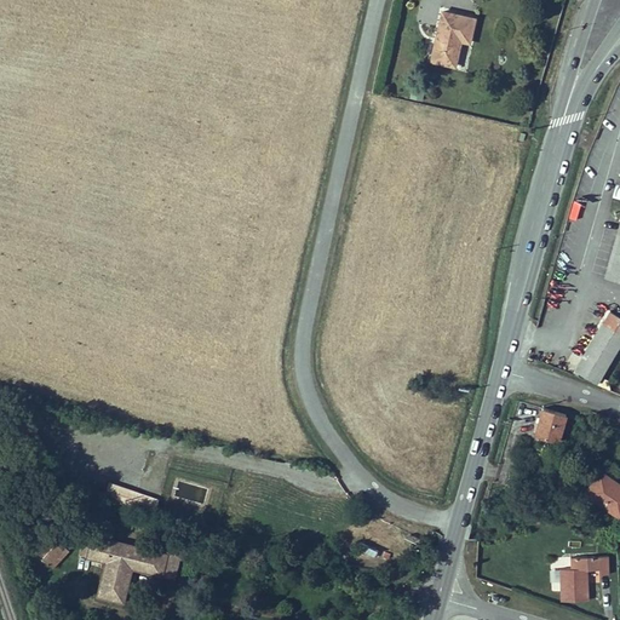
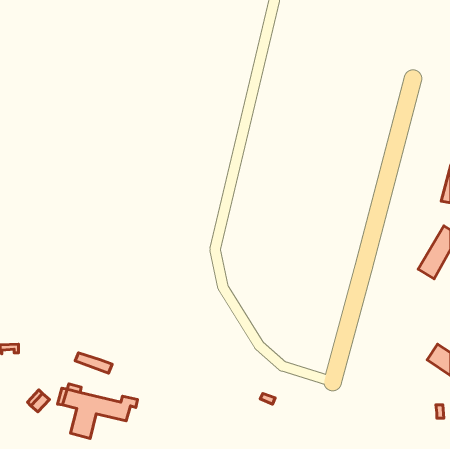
building: [432,13,475,68] -> none
building: [536,409,568,443] -> none
building: [561,558,597,603] -> none

